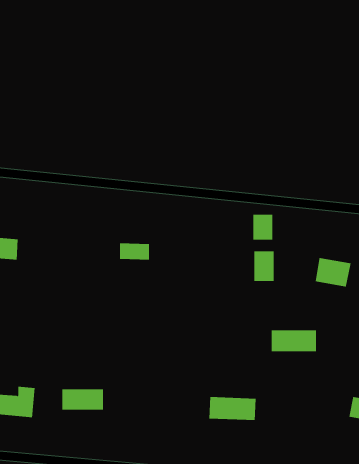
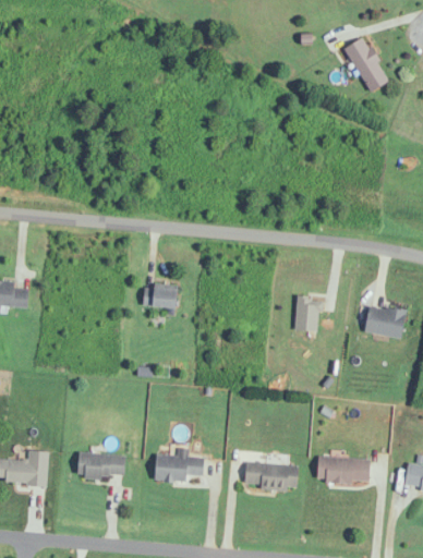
building: none -> [345,37,389,93]
building: [253,214,273,241] -> none
building: [271,330,317,352] -> [318,458,371,483]
building: none -> [155,448,205,482]

